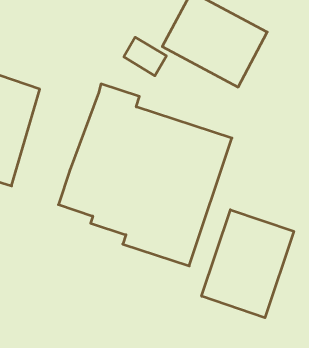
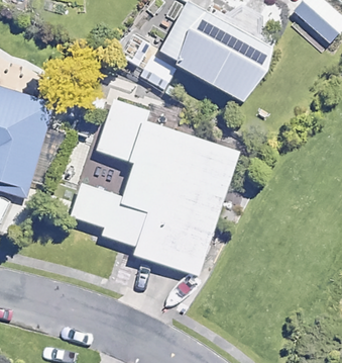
building: [202,210,294,318] -> none

